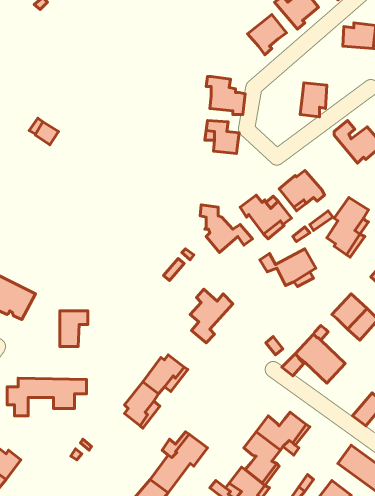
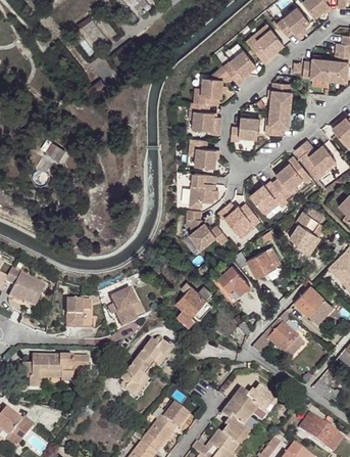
building: none -> [193,66,233,105]
building: none -> [270,82,292,110]
building: none -> [231,117,259,141]
building: none -> [272,155,311,198]
building: none -> [188,174,218,209]
building: none -> [217,265,251,301]
building: none -> [110,288,138,327]

